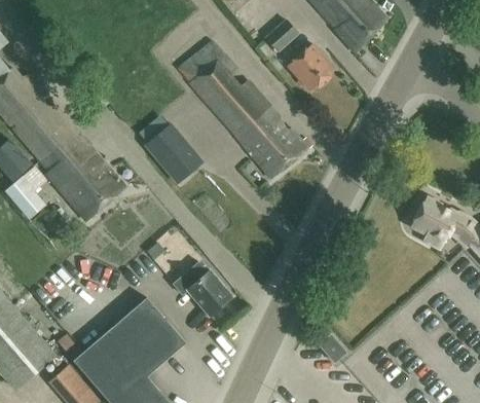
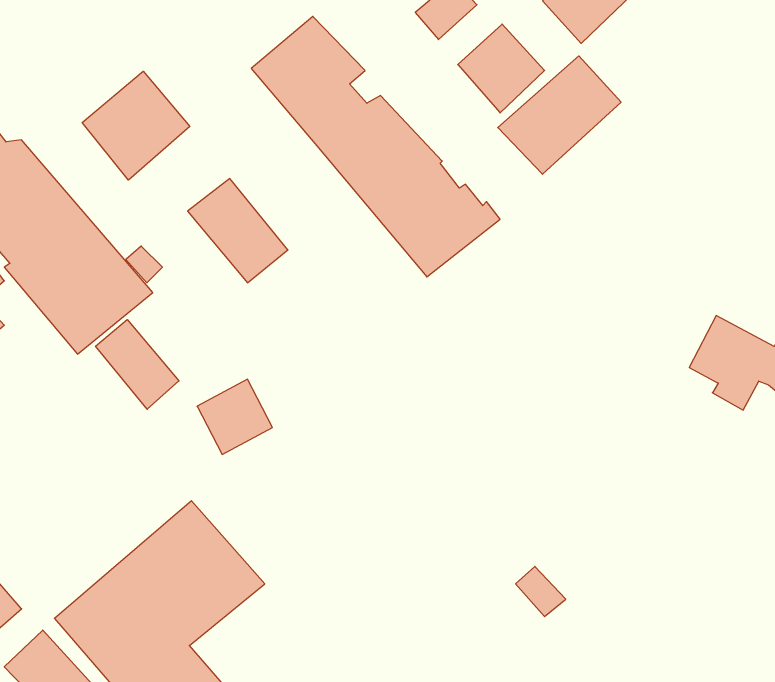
building: none -> [498,56,621,174]
building: none -> [82,71,190,180]
building: none -> [96,320,179,409]
building: [173,262,232,316] -> none

